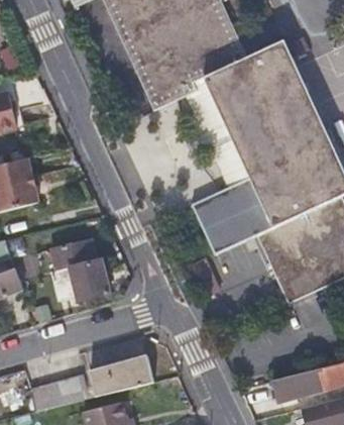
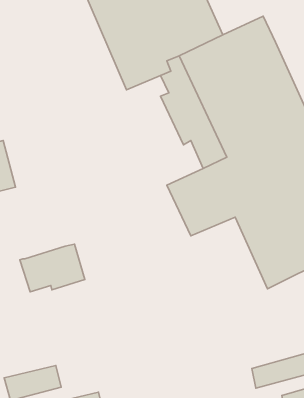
building: [46,240,91,274] -> none
building: [88,355,151,397] -> none

